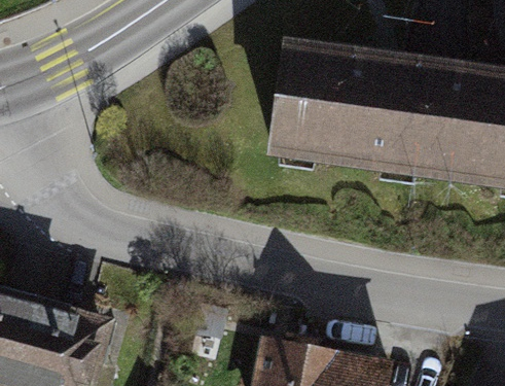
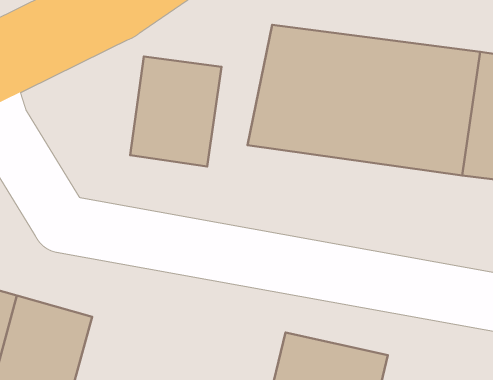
building: none -> [130,57,221,167]

